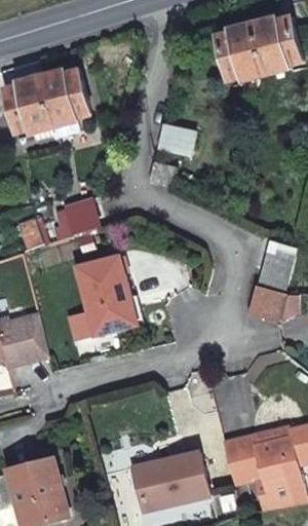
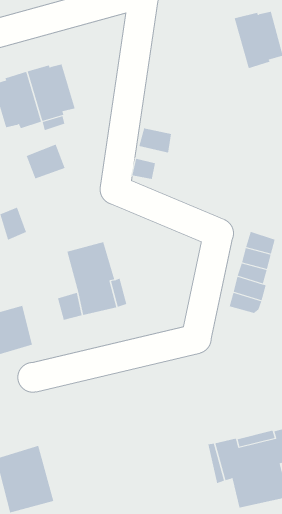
building: [216,23,265,80] -> none
building: [55,194,95,230] -> [26,144,65,179]
building: [133,463,209,519] -> none

